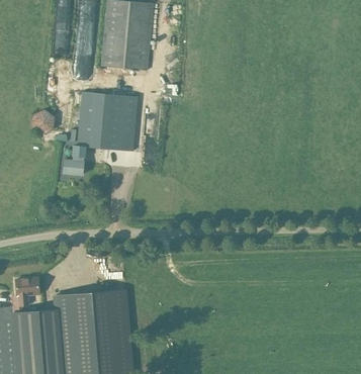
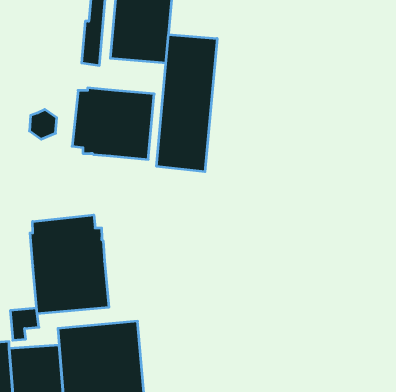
building: none -> [157,35,217,172]
building: [65,145,87,175] -> none
building: none -> [30,215,109,314]

